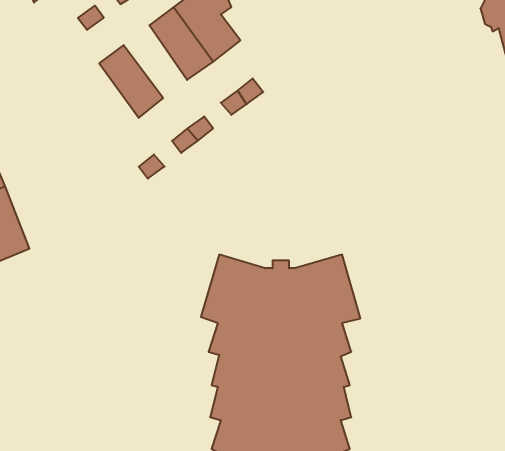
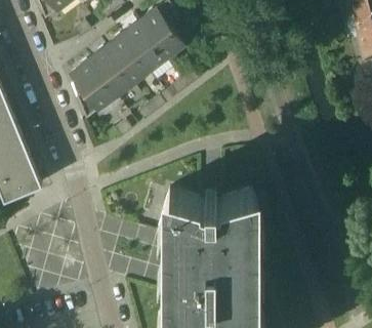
building: none -> [104,35,147,84]
building: none -> [70,60,114,119]

